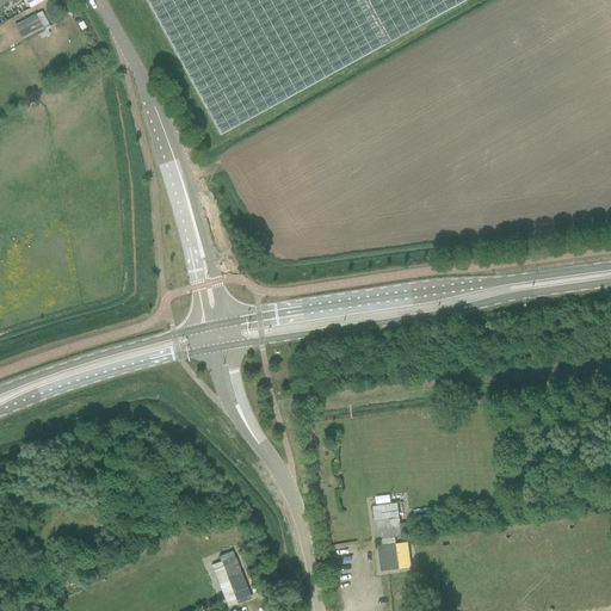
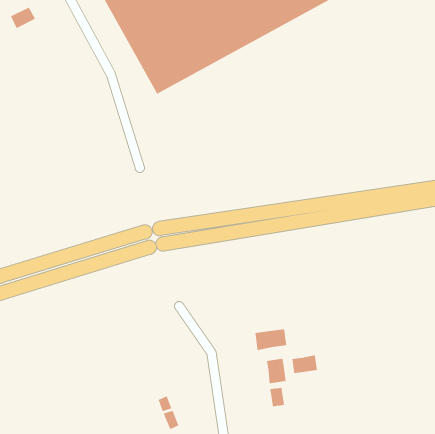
building: none -> [255,328,287,351]
building: none -> [292,355,317,374]

